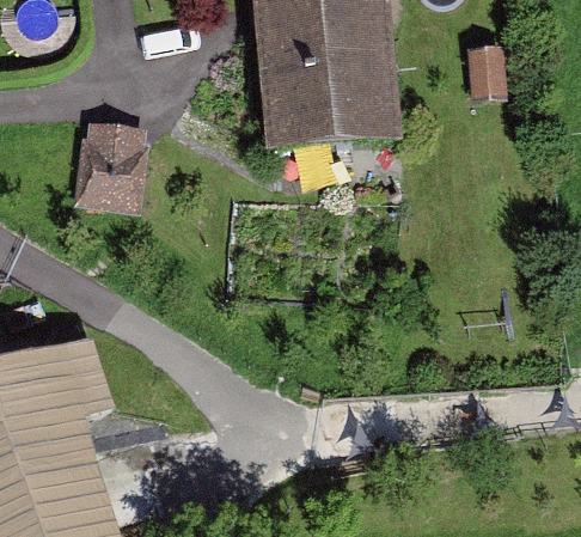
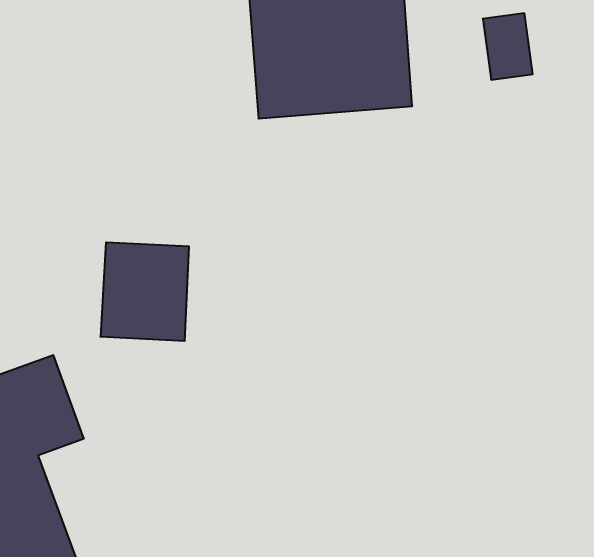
building: [77,126,153,210] -> [100,242,189,341]

